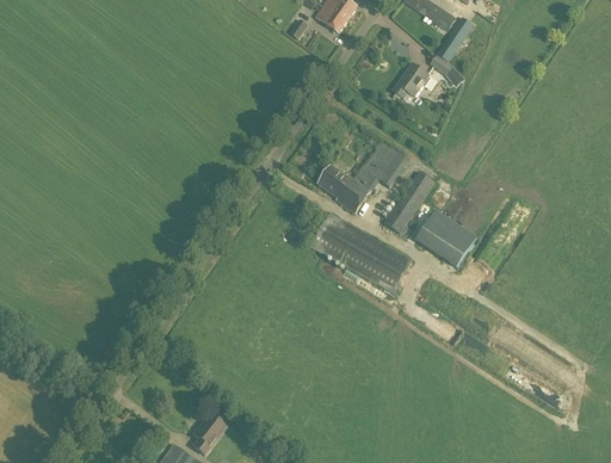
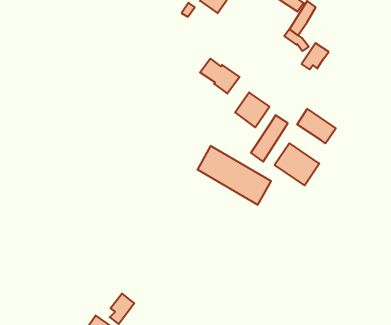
building: [391,62,428,98] -> [302,43,329,69]
building: none -> [297,109,336,143]
building: [316,165,370,212] -> [200,59,240,94]

